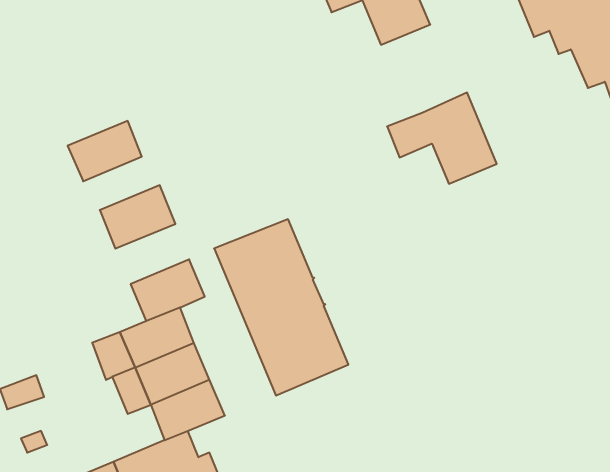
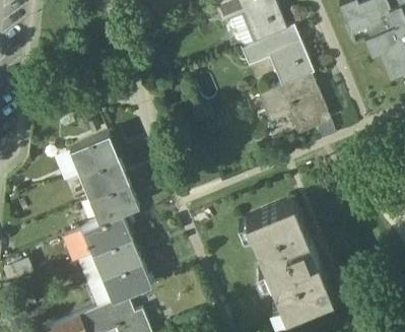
building: none -> [241,27,313,88]
building: [68,121,142,181] -> [79,161,128,201]
building: [214,219,348,395] -> [245,203,333,319]

